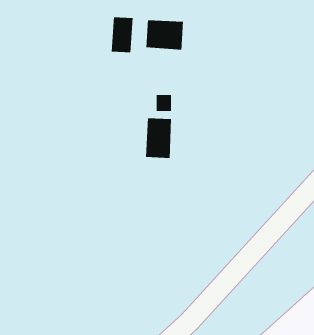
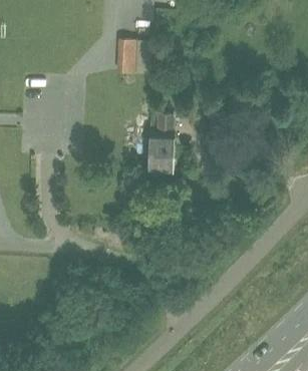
building: [146,20,184,51] -> none

